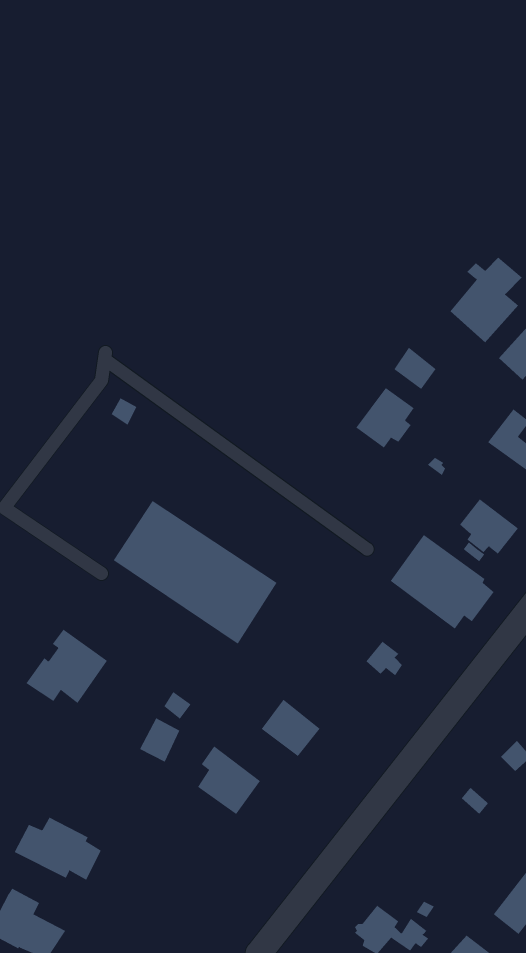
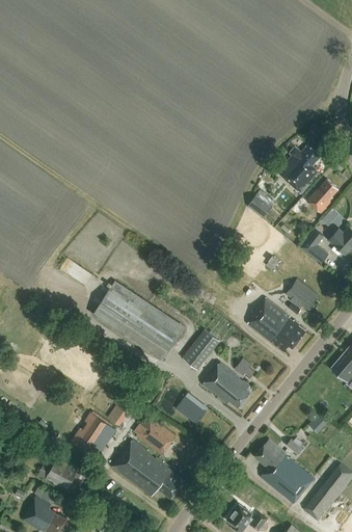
building: [355,387,414,449] -> none
building: none -> [185,331,218,368]
building: [26,629,108,704] -> [71,411,116,453]
building: none -> [202,362,251,407]
building: none -> [254,438,315,503]
building: none -> [113,441,185,498]

